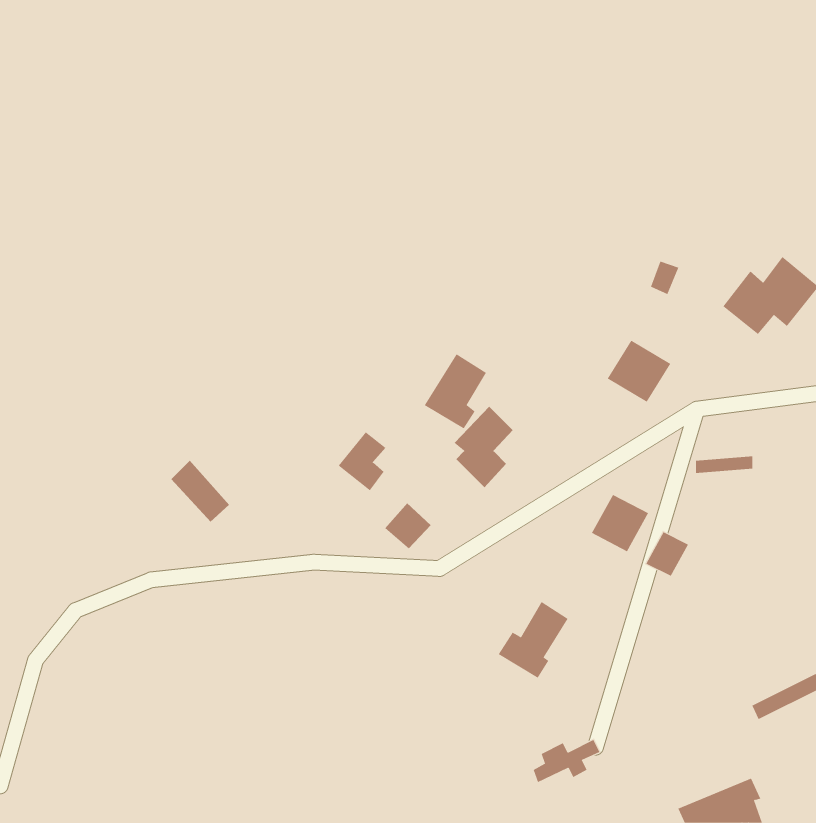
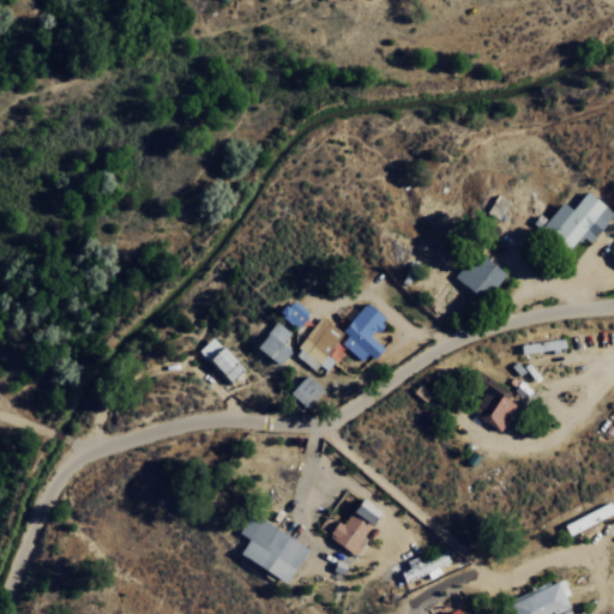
building: [424,354,487,429] -> [297,317,344,373]
building: [170,460,230,523] -> [200,336,245,383]
building: [591,494,649,552] -> none
building: [498,601,569,678] -> [329,498,381,555]
building: none -> [240,513,309,584]

